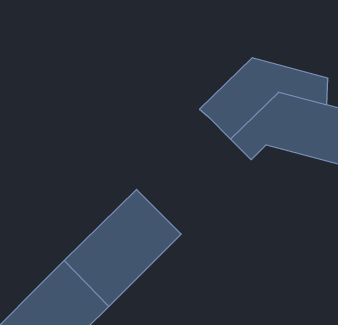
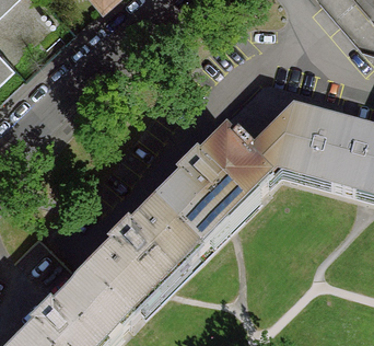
building: none -> [152,141,265,253]

